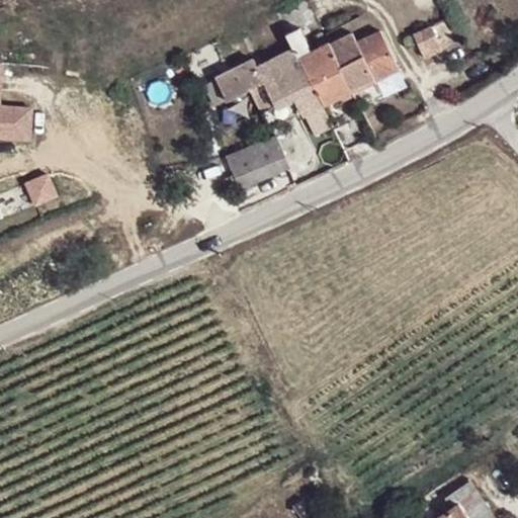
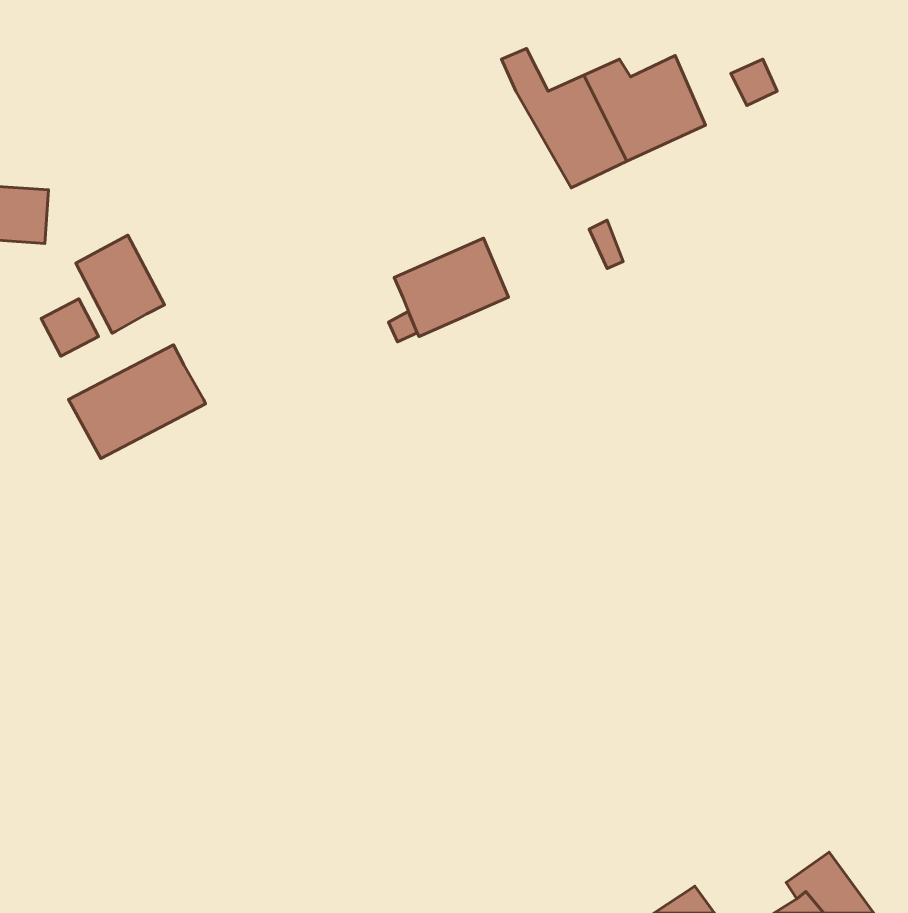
building: [214,52,323,125] -> none
building: none -> [76,235,165,333]
building: none -> [69,345,206,459]

